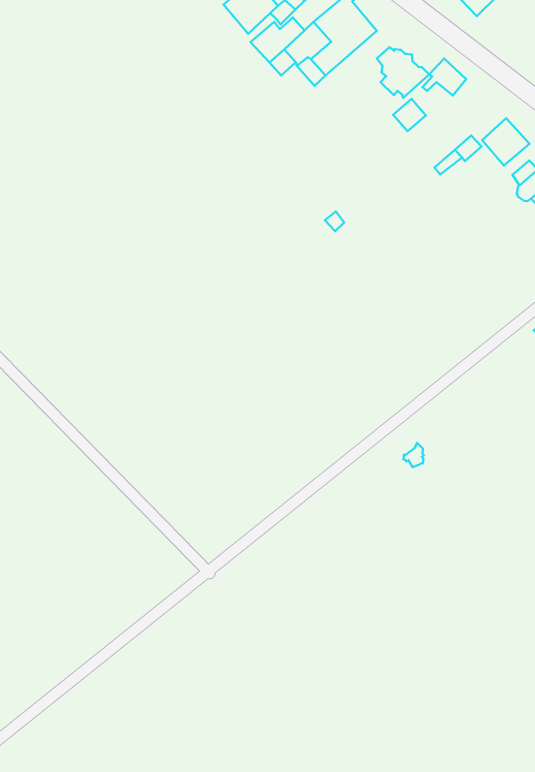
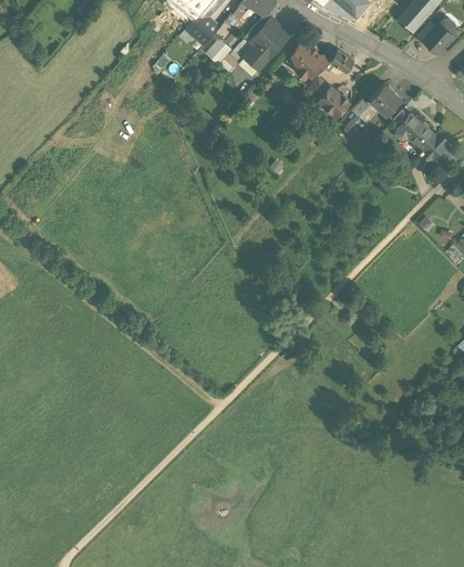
building: none -> [319,89,349,118]

